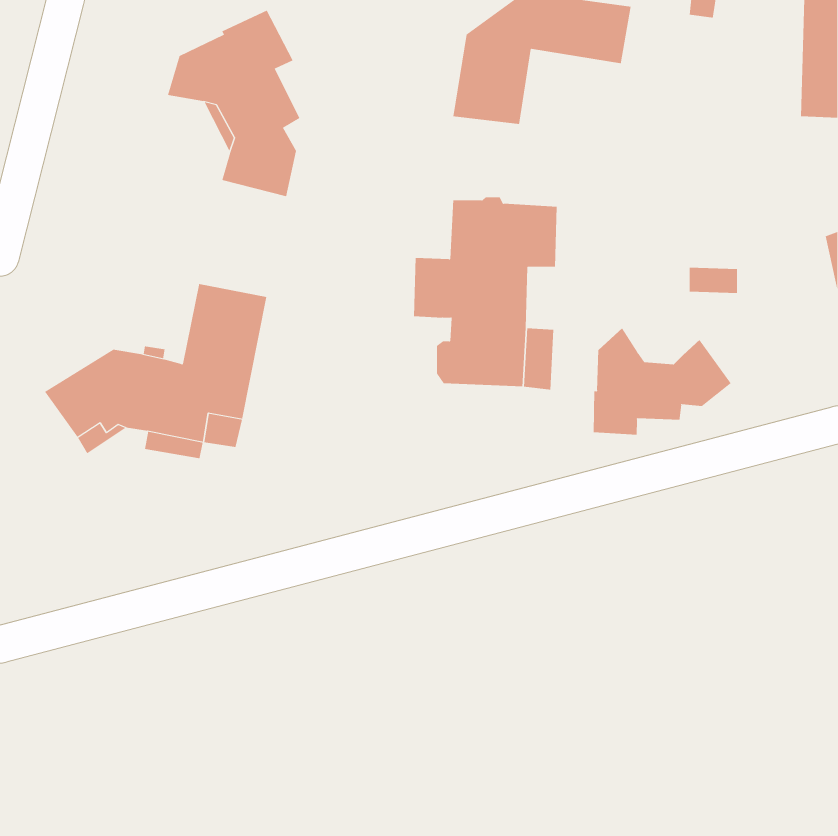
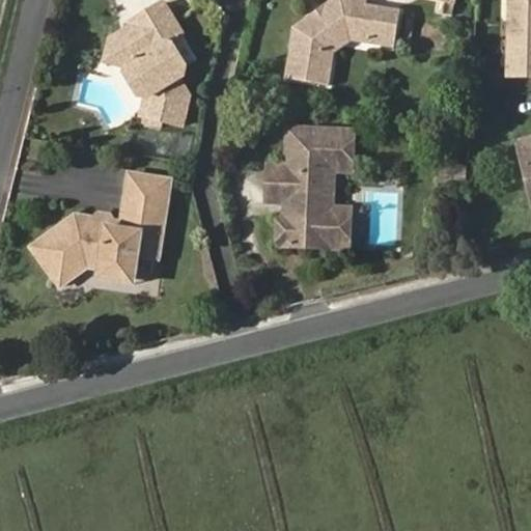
building: [593,327,732,435] -> none

